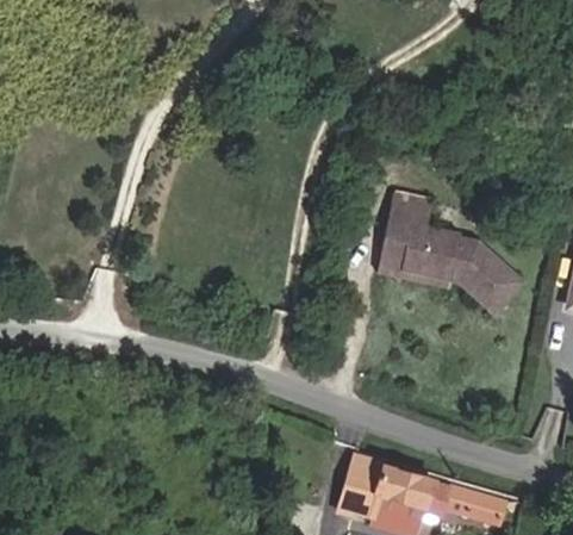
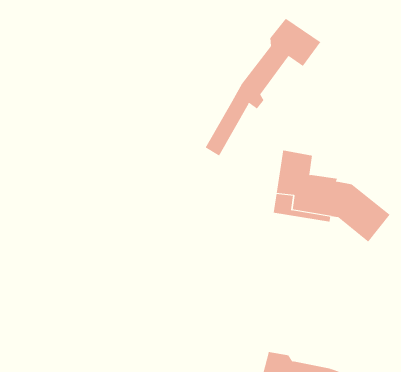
building: none -> [205,18,321,156]

